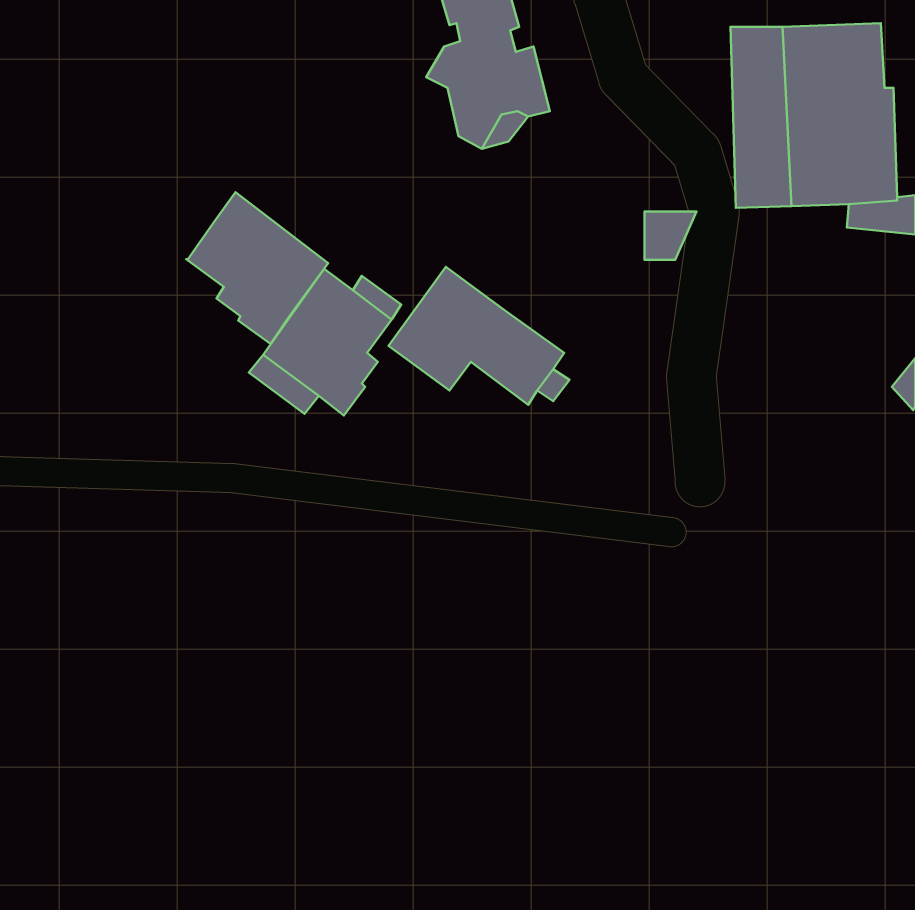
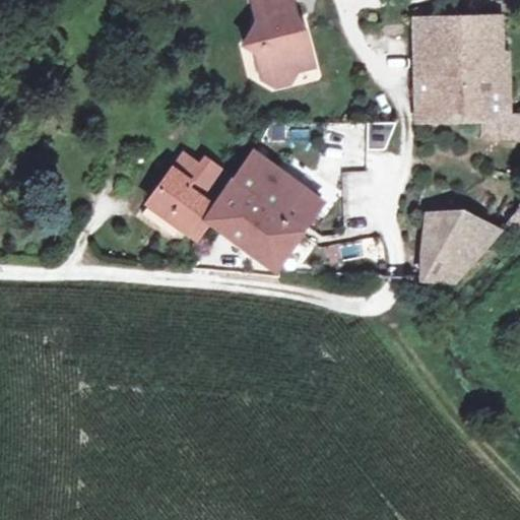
building: [186,192,328,344] -> none
building: none -> [205,196,300,267]
building: none -> [420,209,500,278]

